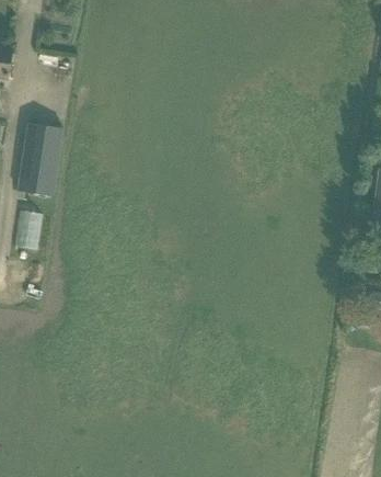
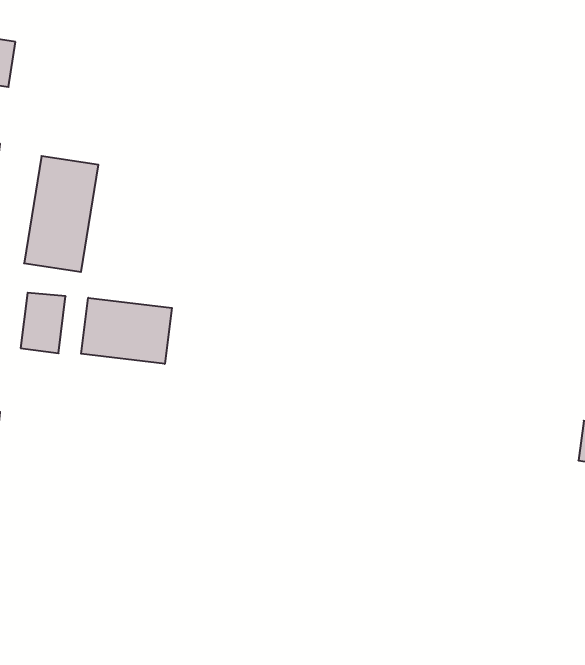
building: none -> [81,298,172,364]

